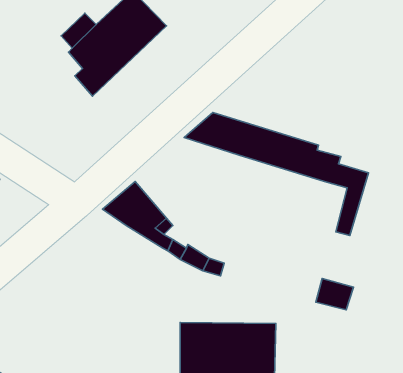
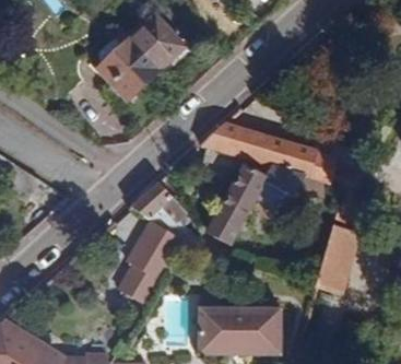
building: none -> [205,157,323,244]
building: none -> [118,219,181,304]
building: none -> [320,224,359,272]

